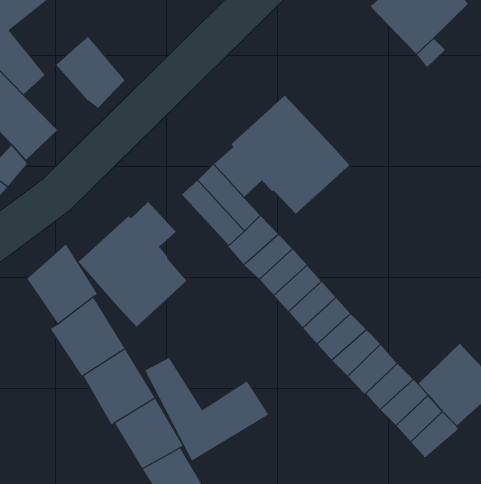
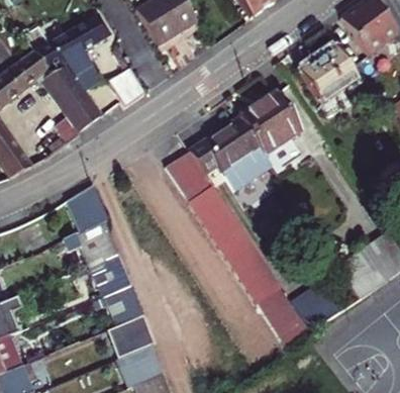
building: none -> [238,92,299,153]
building: [78,201,187,327] -> none
building: [144,357,269,461] -> none

